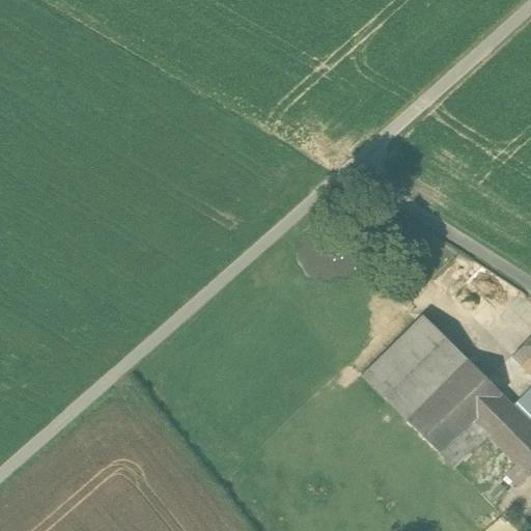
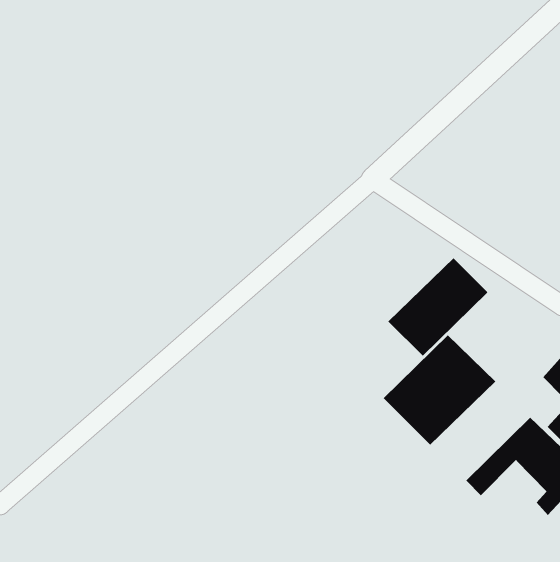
building: [408,360,503,453] -> [388,258,489,357]

